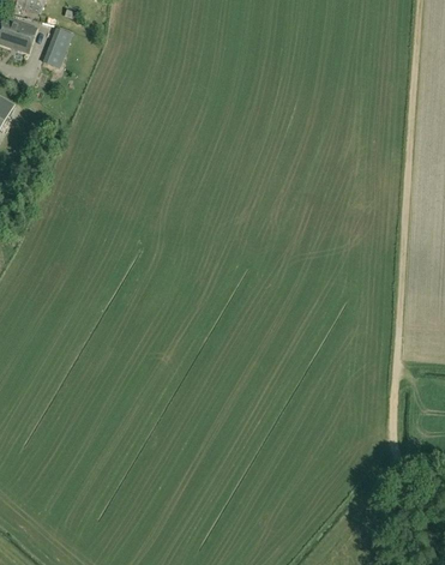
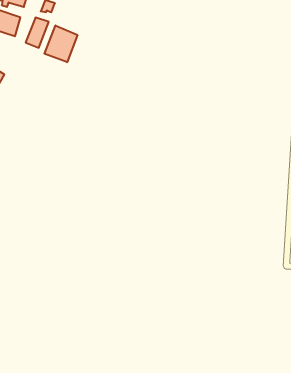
building: none -> [44,25,77,62]

